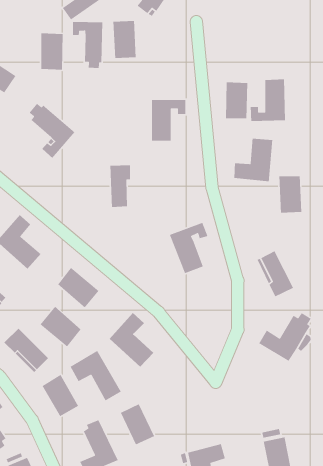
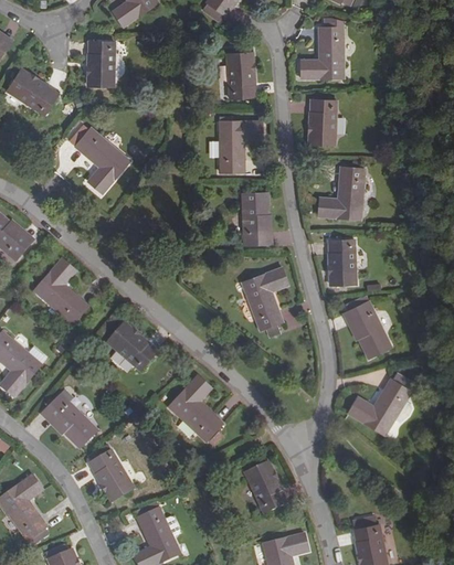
building: [113,20,137,59] -> [226,52,255,98]
building: [72,21,103,69] -> none
building: [250,79,286,122] -> [300,26,344,78]
building: [109,164,131,208] -> [242,192,267,244]
building: [278,176,302,213] -> [327,239,356,285]
building: [40,306,82,347] -> none
building: [70,350,122,401] -> none
building: [120,403,155,446] -> [245,461,287,512]

